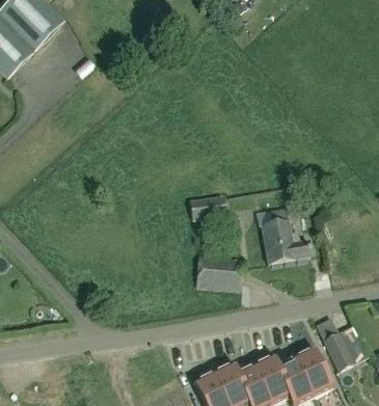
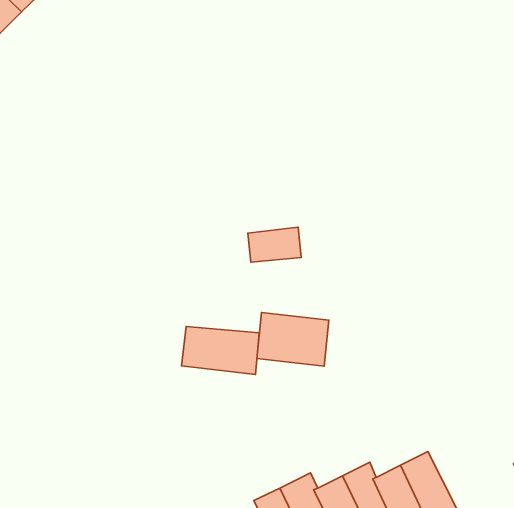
building: [262,208,312,263] -> none
building: none -> [182,326,259,374]
building: [324,332,354,370] -> none

